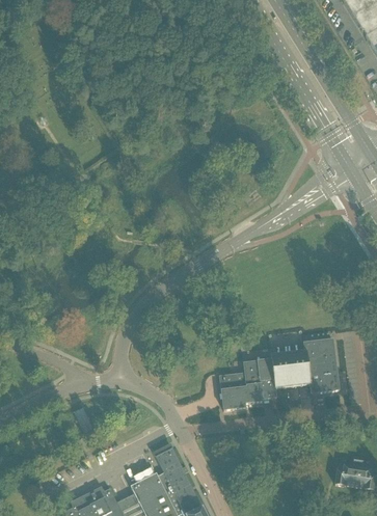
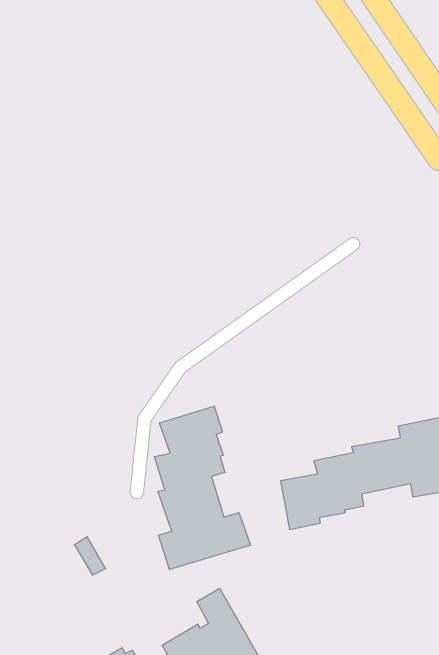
building: none -> [155,406,251,570]

